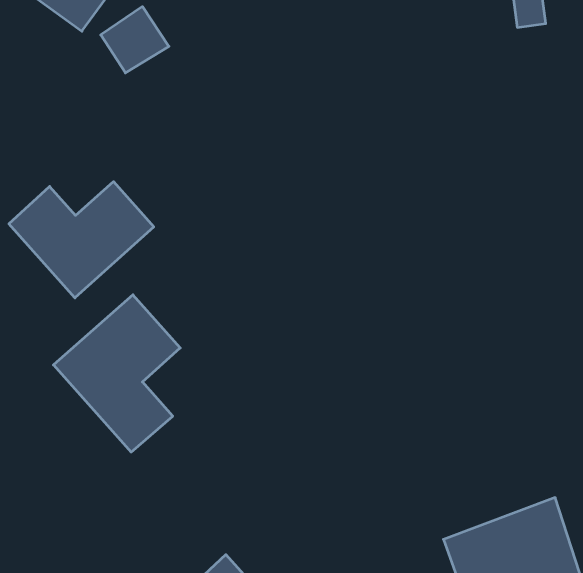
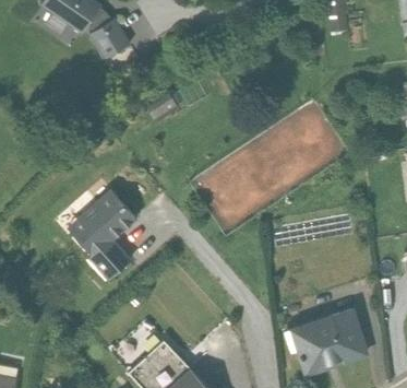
building: [9,182,154,298] -> none

